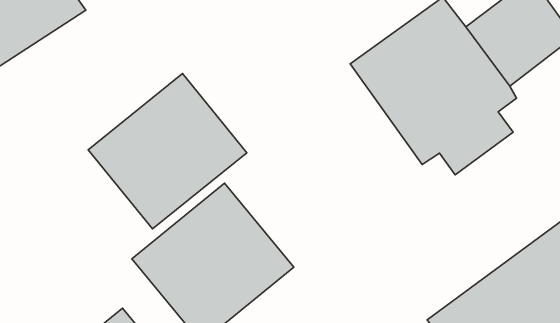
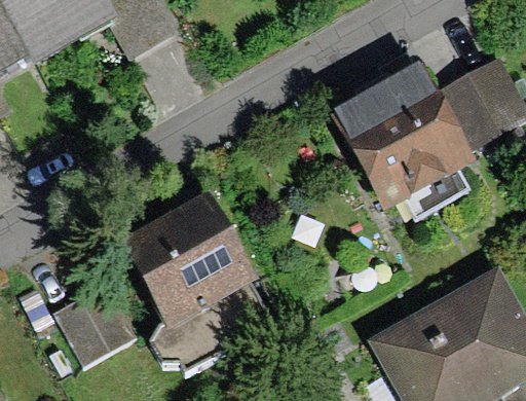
building: [88,74,247,229] -> none

